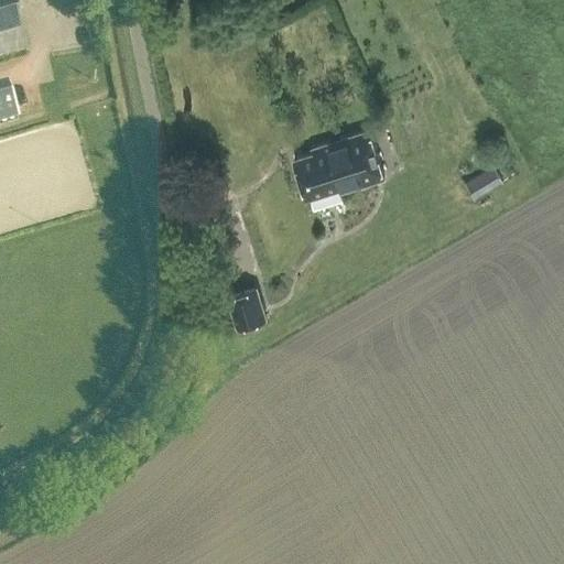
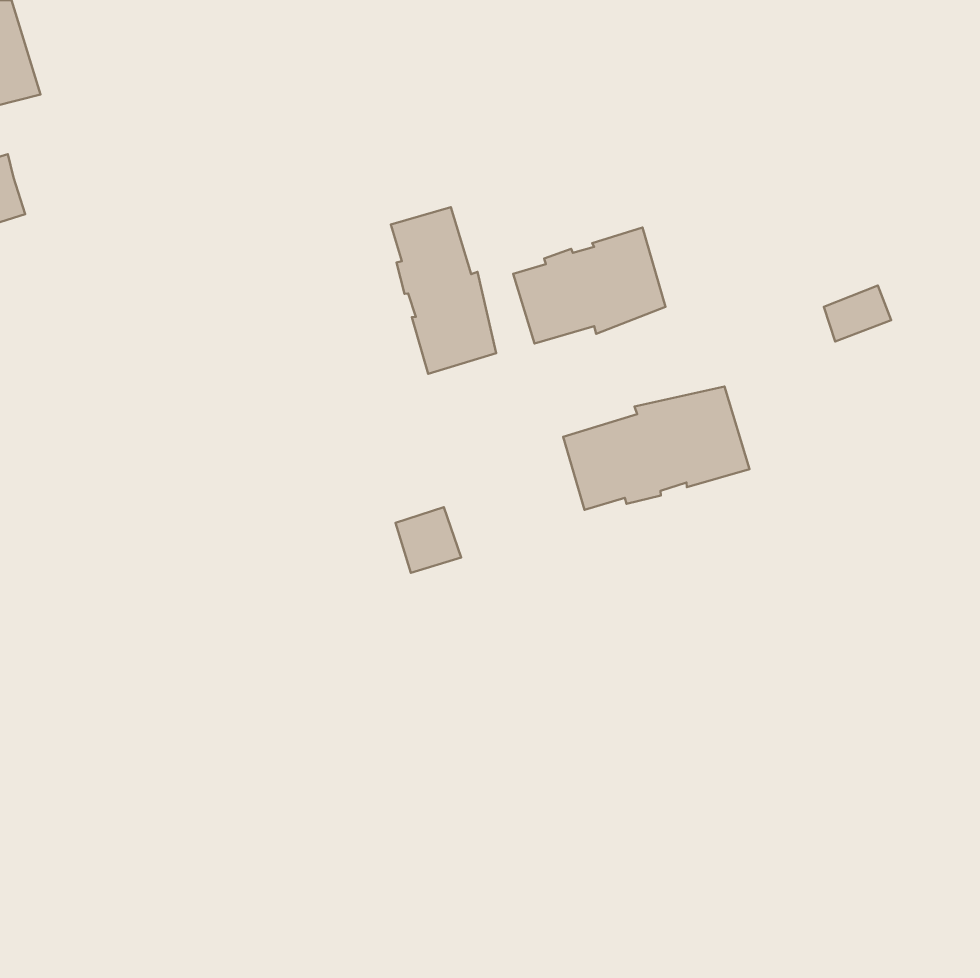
building: none -> [391,207,496,374]
building: none -> [563,386,749,510]

